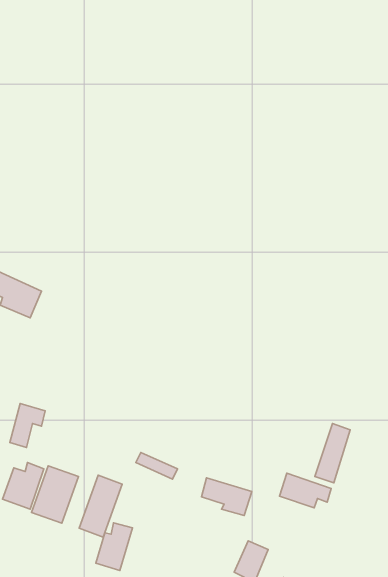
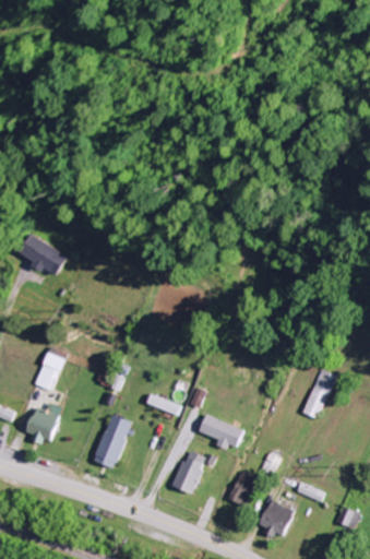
building: [32,466,79,523] -> none
building: [279,473,331,508] -> none
building: [96,523,132,571] -> [174,450,205,491]

